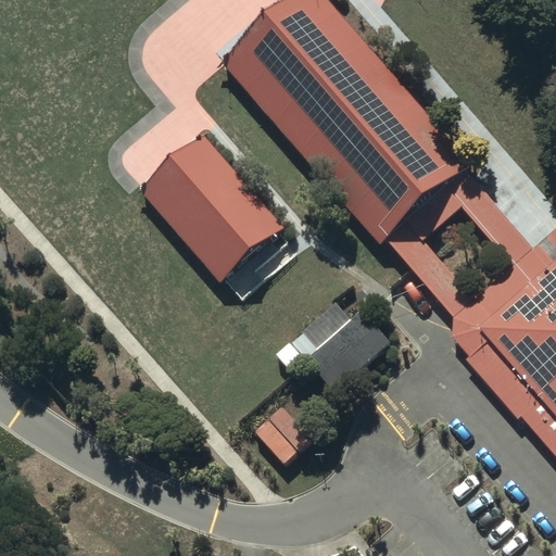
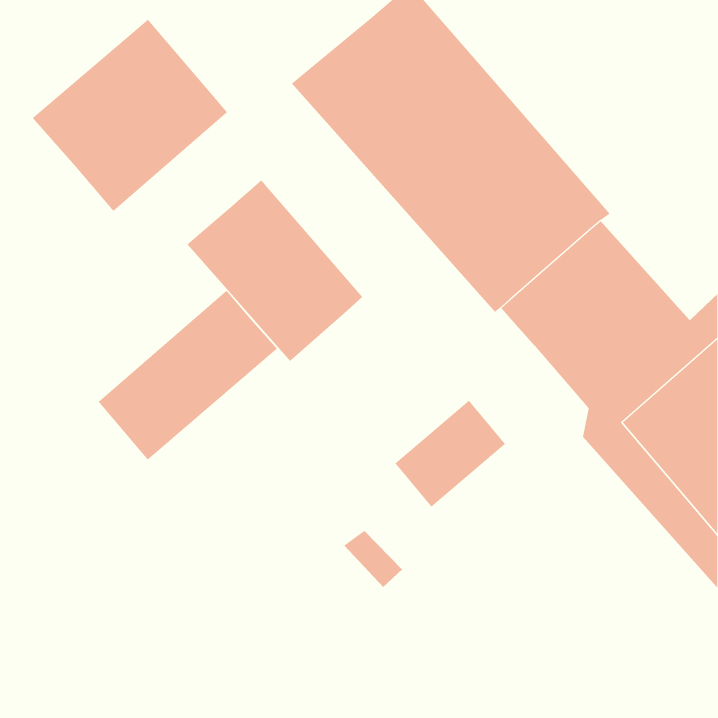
building: none -> [32,19,228,212]
building: none -> [98,290,278,461]

